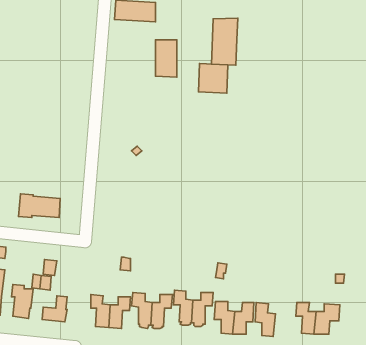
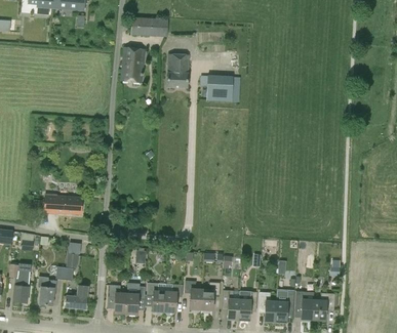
building: [211,18,238,65] -> none
building: none -> [120,47,145,82]
building: none -> [274,290,293,322]

